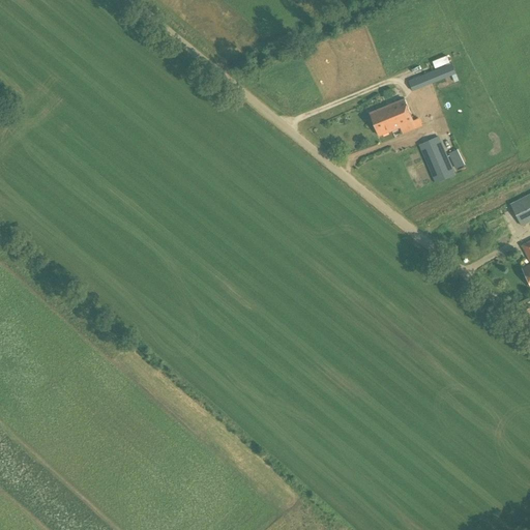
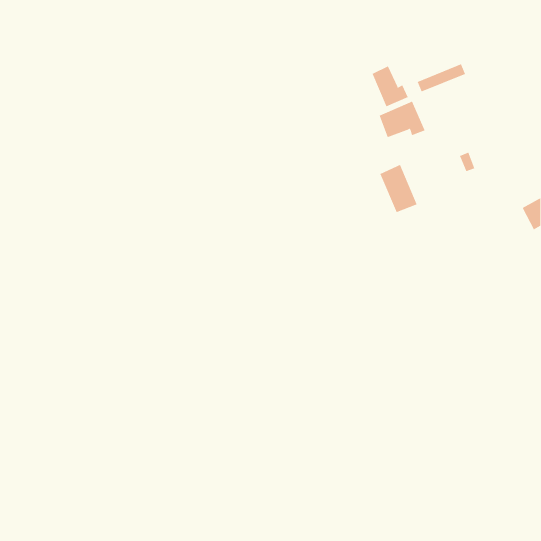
building: none -> [372,65,409,107]
building: [417,135,454,182] -> [379,164,418,213]

